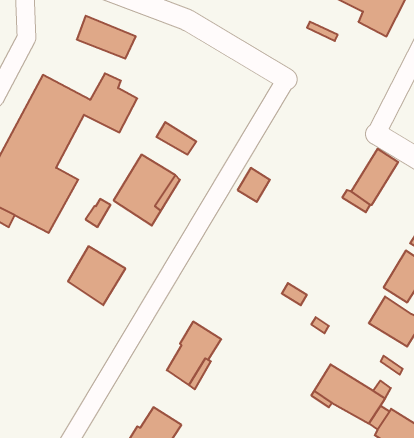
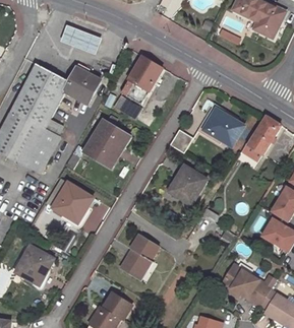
building: none -> [120,56,163,104]
building: none -> [203,105,243,145]
building: none -> [170,165,207,203]
building: none -> [16,246,54,284]

